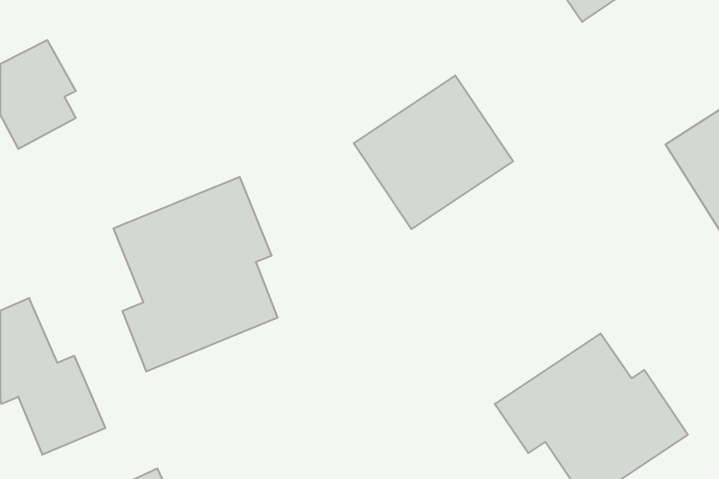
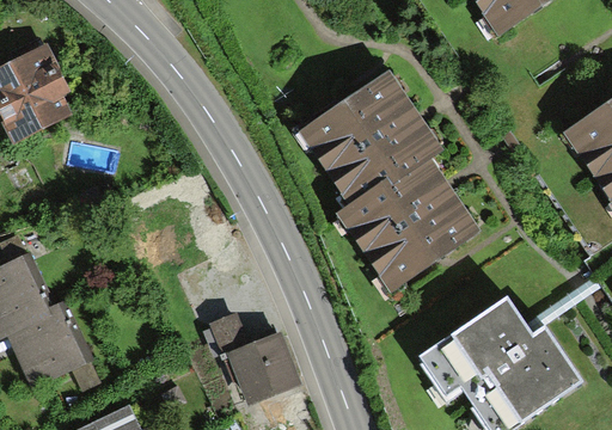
building: none -> [339,158,475,287]
building: [114,177,278,372] -> none
building: none -> [213,315,296,400]

